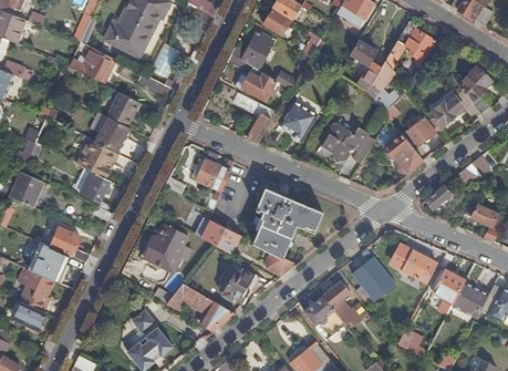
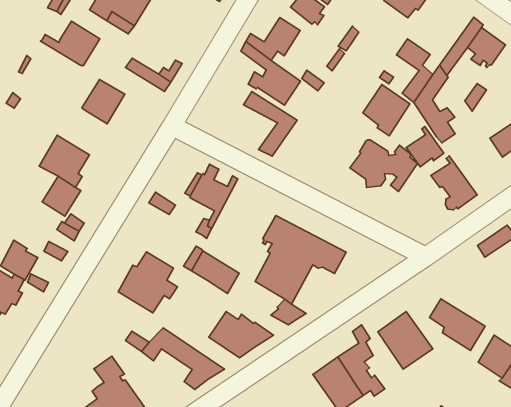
building: [279,101,315,141] -> [363,85,410,136]
building: [406,113,436,145] -> [406,126,444,167]
building: [94,116,129,154] -> none

